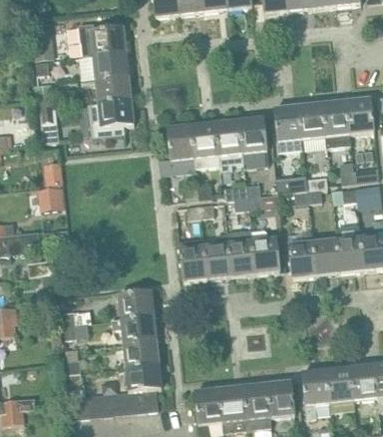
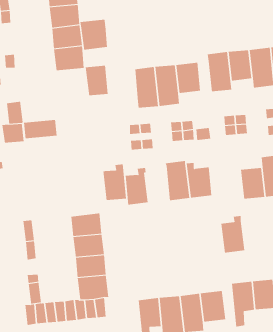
building: none -> [80,19,108,51]
building: [166,125,194,160] -> [85,65,108,96]
building: none -> [23,119,57,139]
building: [288,235,316,278] -> [221,216,245,253]
building: [203,237,231,279] -> [102,164,127,201]

